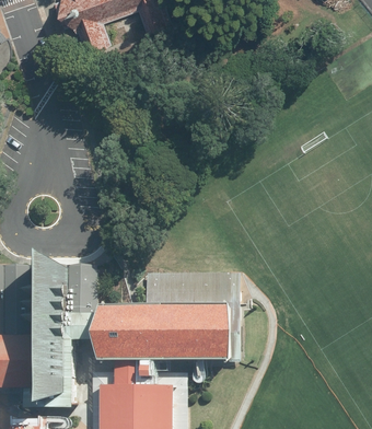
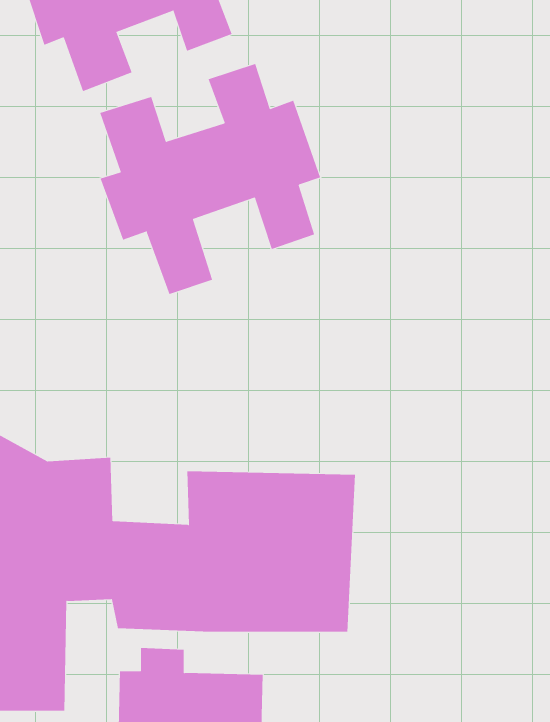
building: none -> [100,63,321,295]

